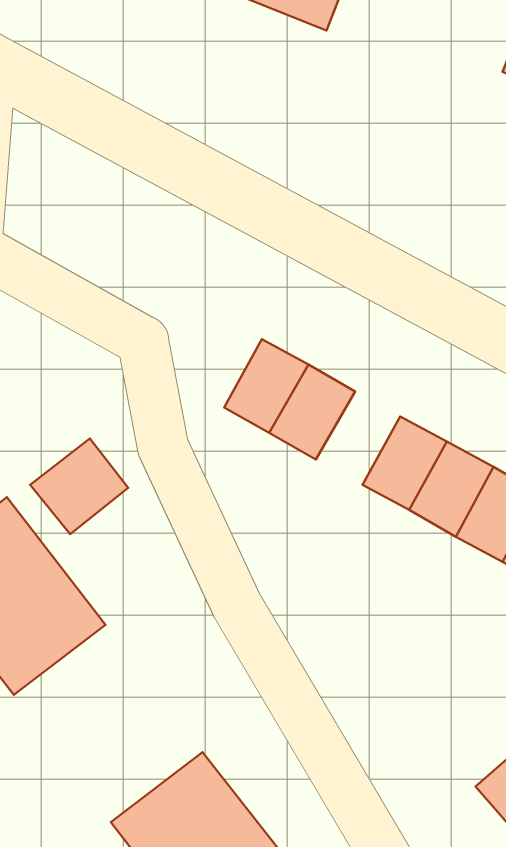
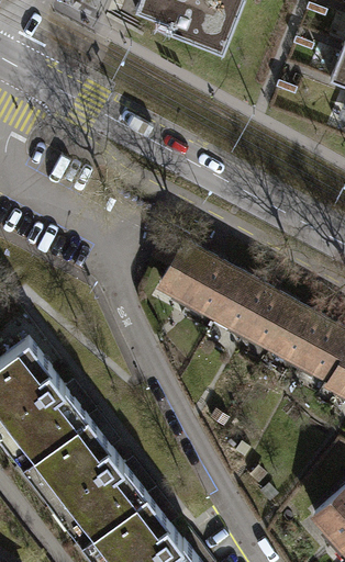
building: none -> [214,276,266,333]
building: [30,439,128,534] -> none
building: none -> [30,418,145,539]

